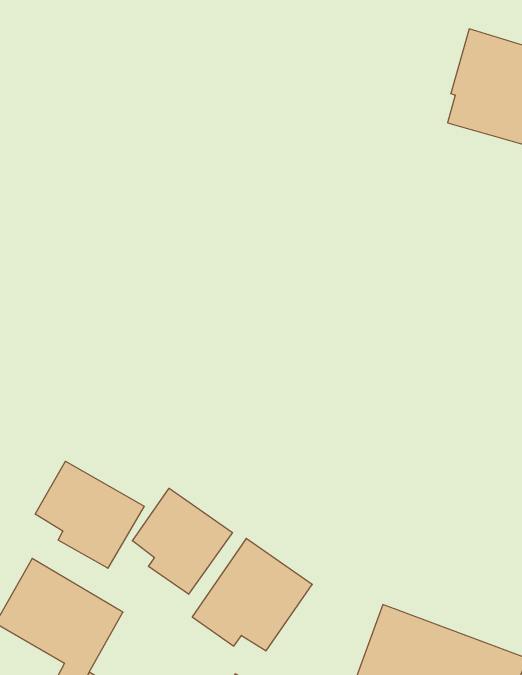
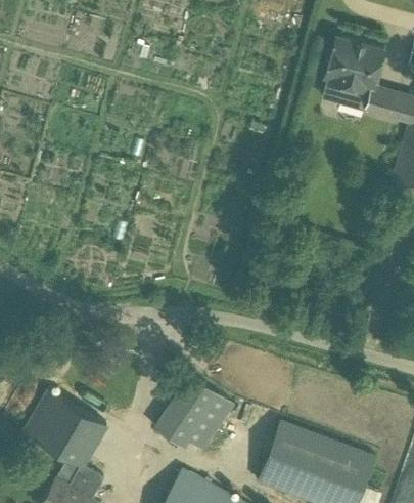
building: [35,461,144,568] -> none
building: [132,488,232,594] -> none

